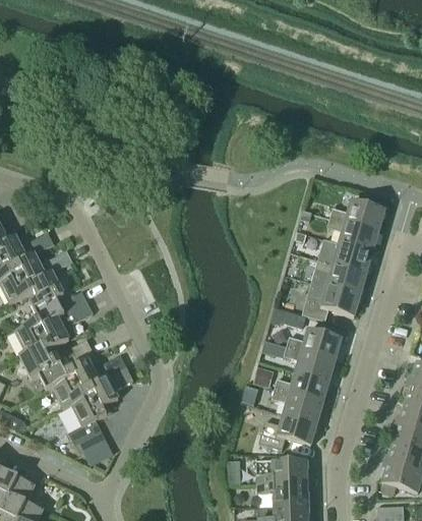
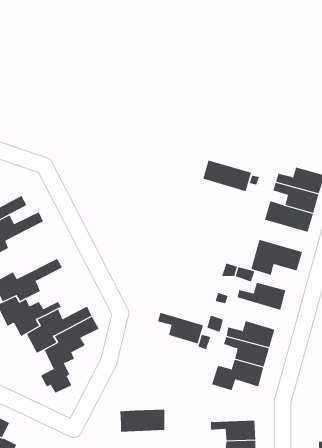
building: [311,259,366,295] -> [202,160,252,192]
building: [29,272,87,325] -> none
building: [284,346,336,382] -> [157,312,204,344]
building: [256,459,307,484] -> [119,409,165,432]

